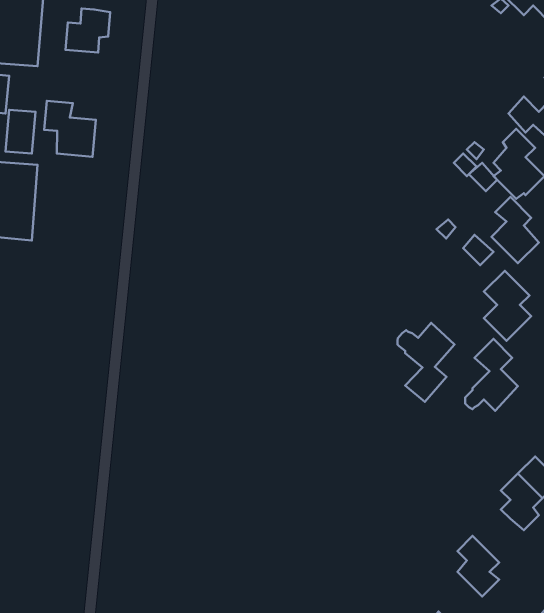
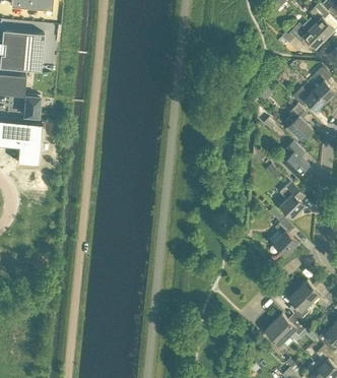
building: [66,8,110,53] -> none
building: [44,101,96,157] -> none
building: [397,323,454,402] -> none
building: none -> [273,314,307,337]

